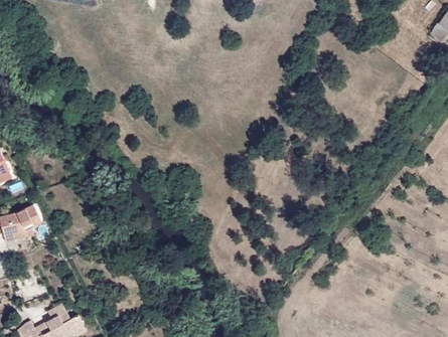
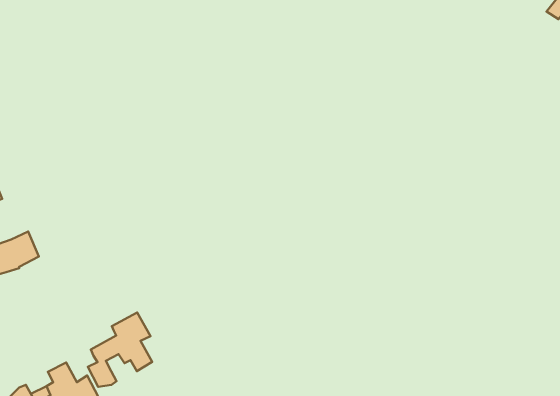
building: none -> [88,312,152,387]

